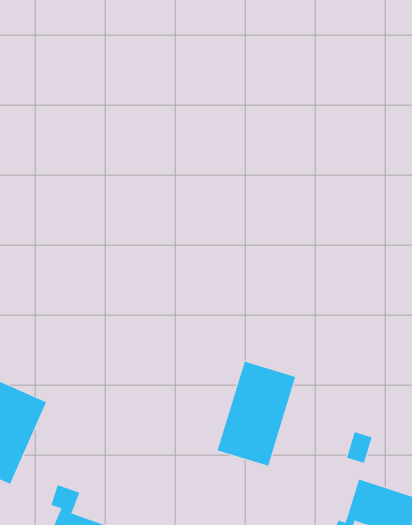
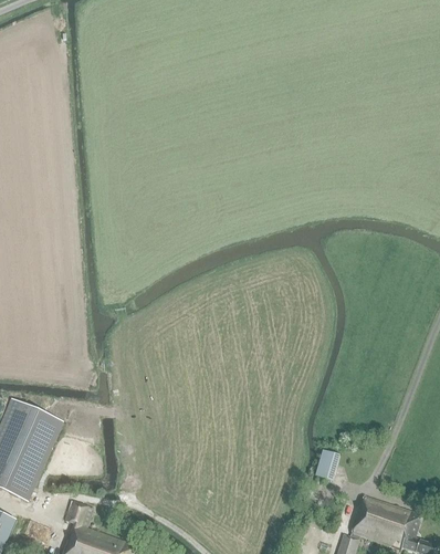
building: [217,361,296,467] -> none
building: [346,432,372,464] -> [315,450,341,481]

